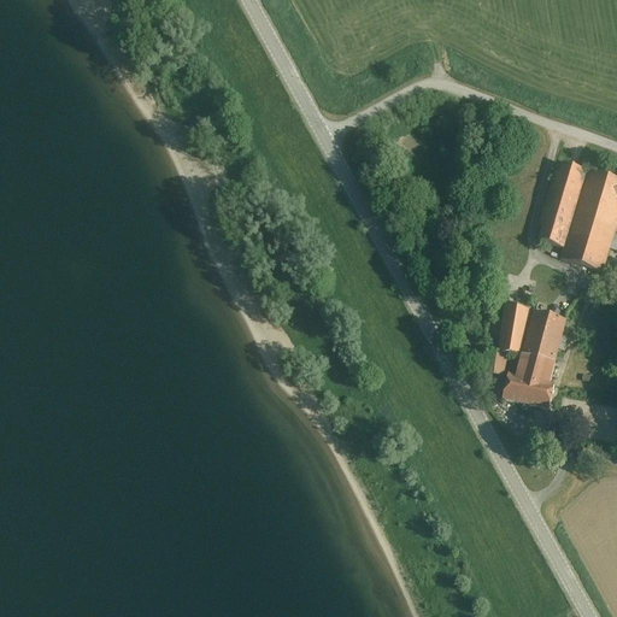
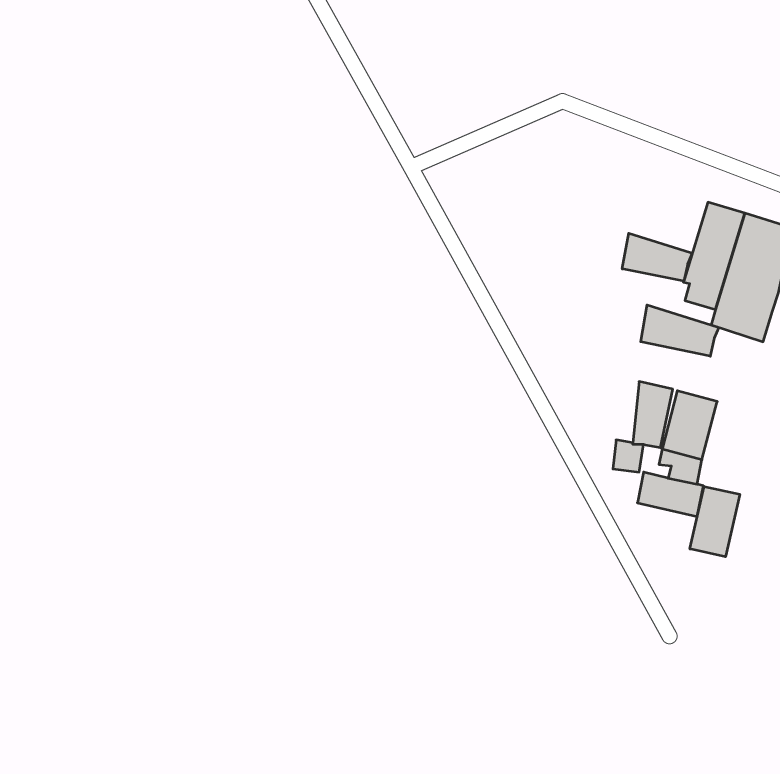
building: none -> [622,233,692,281]
building: none -> [641,305,719,356]
building: none -> [690,486,740,557]

